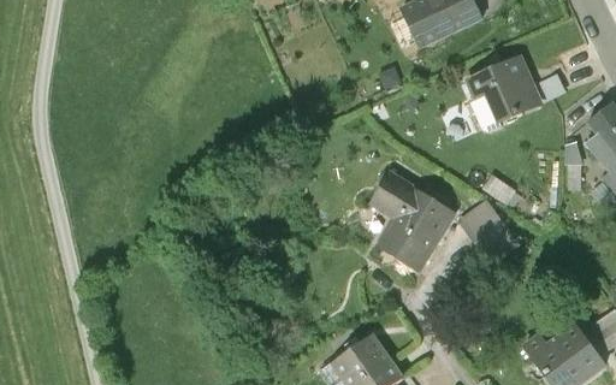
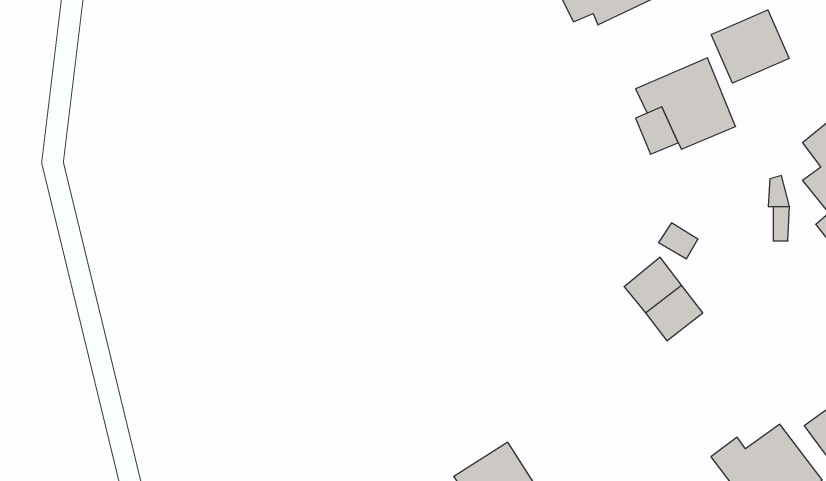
building: none -> [711,10,789,83]
building: [374,174,454,272] -> none

